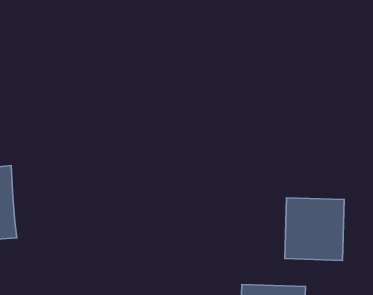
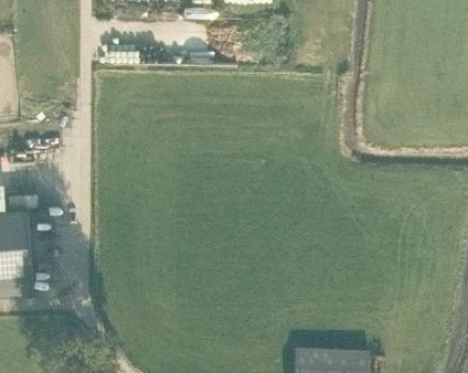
building: [285,198,344,260] -> none

